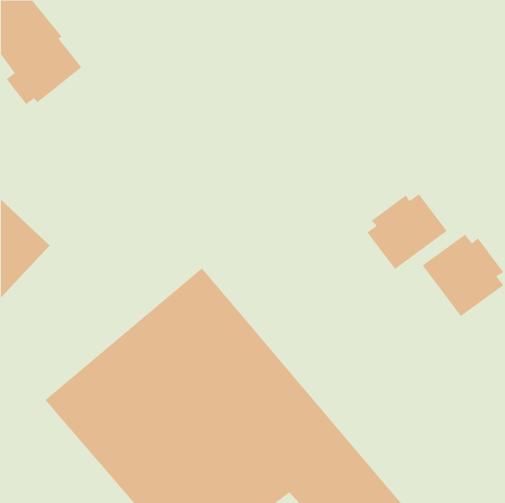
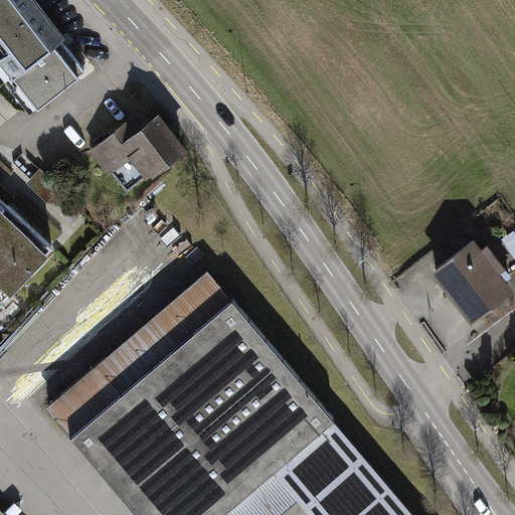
building: none -> [92,118,186,197]
building: [367,194,448,270] -> none

